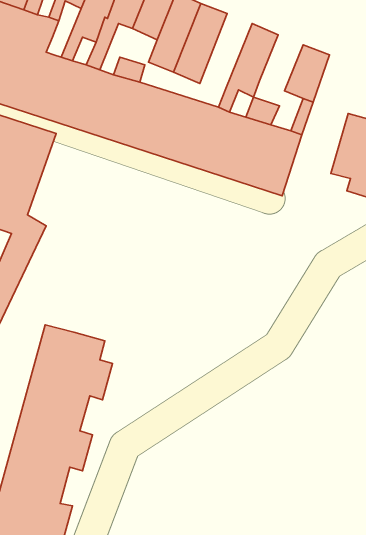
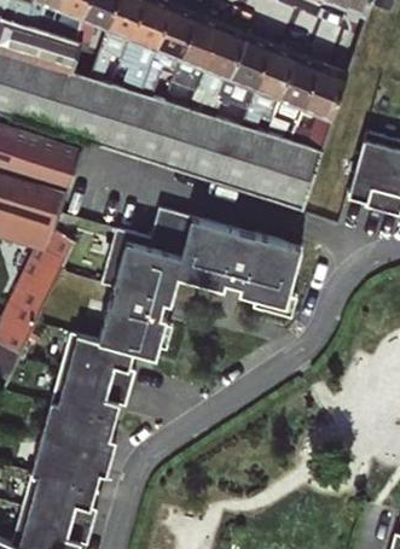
building: none -> [220,35,271,107]
building: none -> [278,56,320,110]
building: none -> [98,209,302,358]

